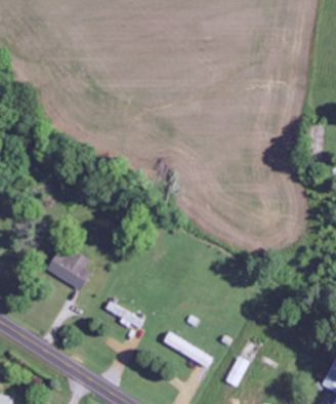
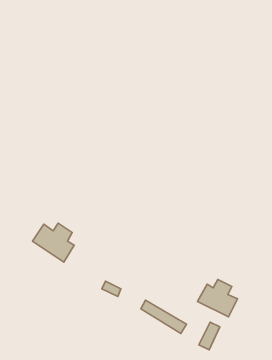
building: none -> [198,280,237,317]

